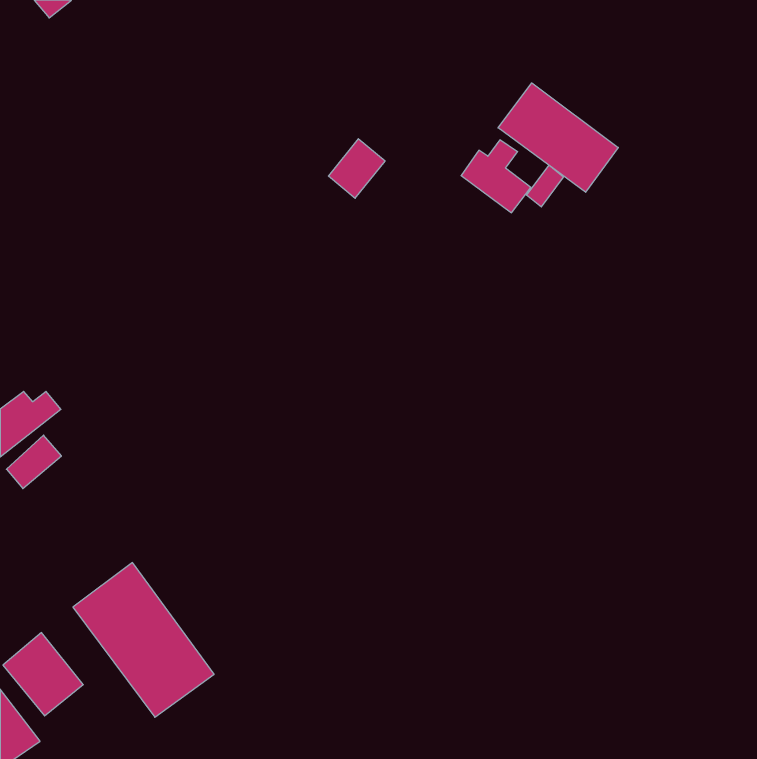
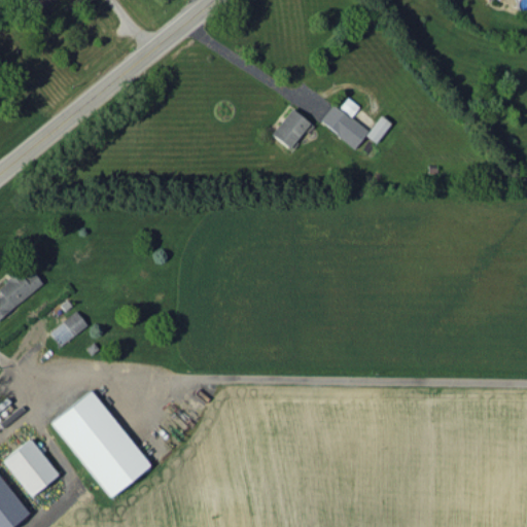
building: [498,83,618,192] -> none
building: [328,139,385,198] -> [272,108,311,149]
building: [6,435,61,489] -> [50,310,89,347]

